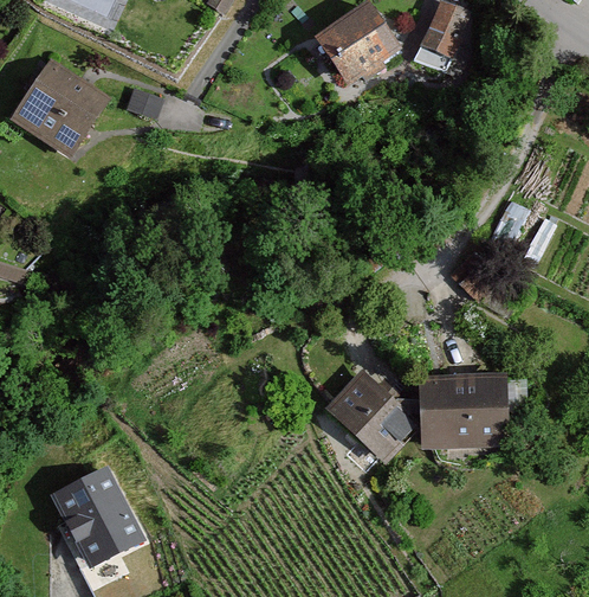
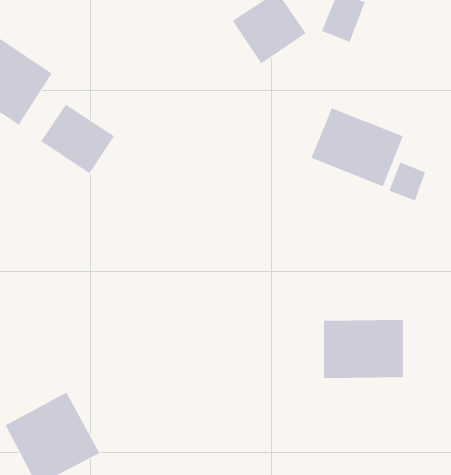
building: none -> [41,104,115,174]
building: none -> [311,108,403,187]
building: [323,370,415,461] -> none

